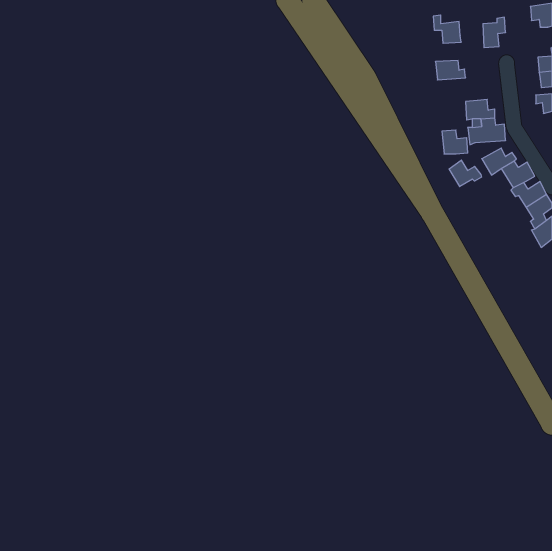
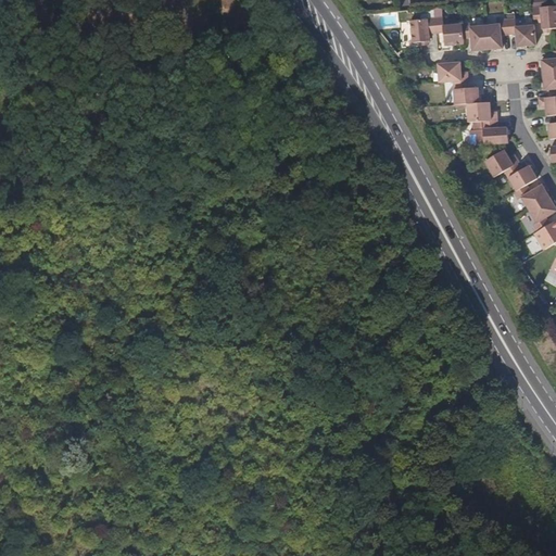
building: none -> [410,17,437,41]
building: none -> [507,18,536,46]
building: none -> [462,23,486,50]
building: [442,130,468,154] -> [454,79,480,103]
building: [449,160,482,187] -> none

